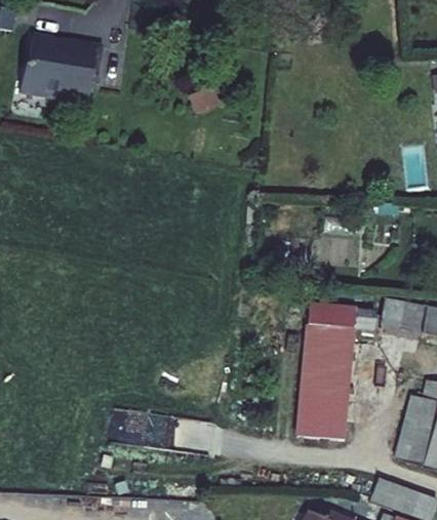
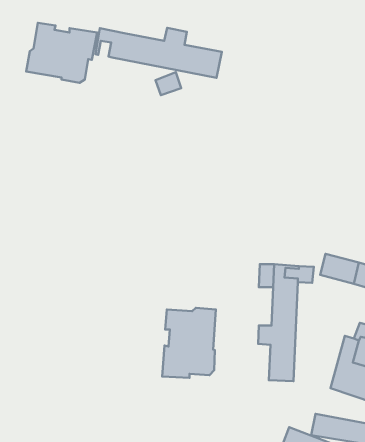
building: none -> [95,28,222,78]
building: none -> [162,308,216,378]

